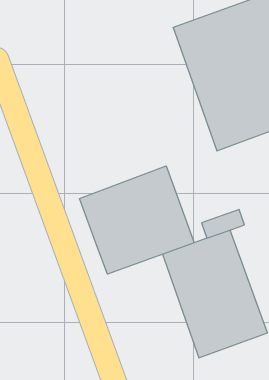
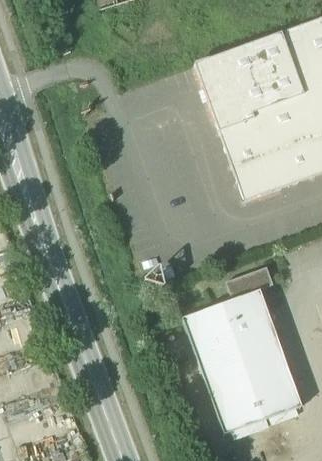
building: [80,166,194,274] -> none

